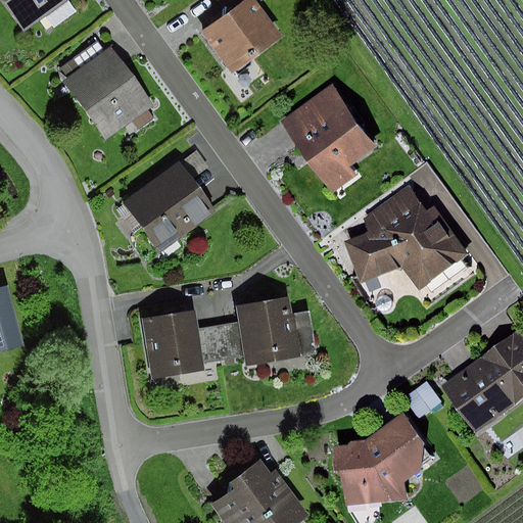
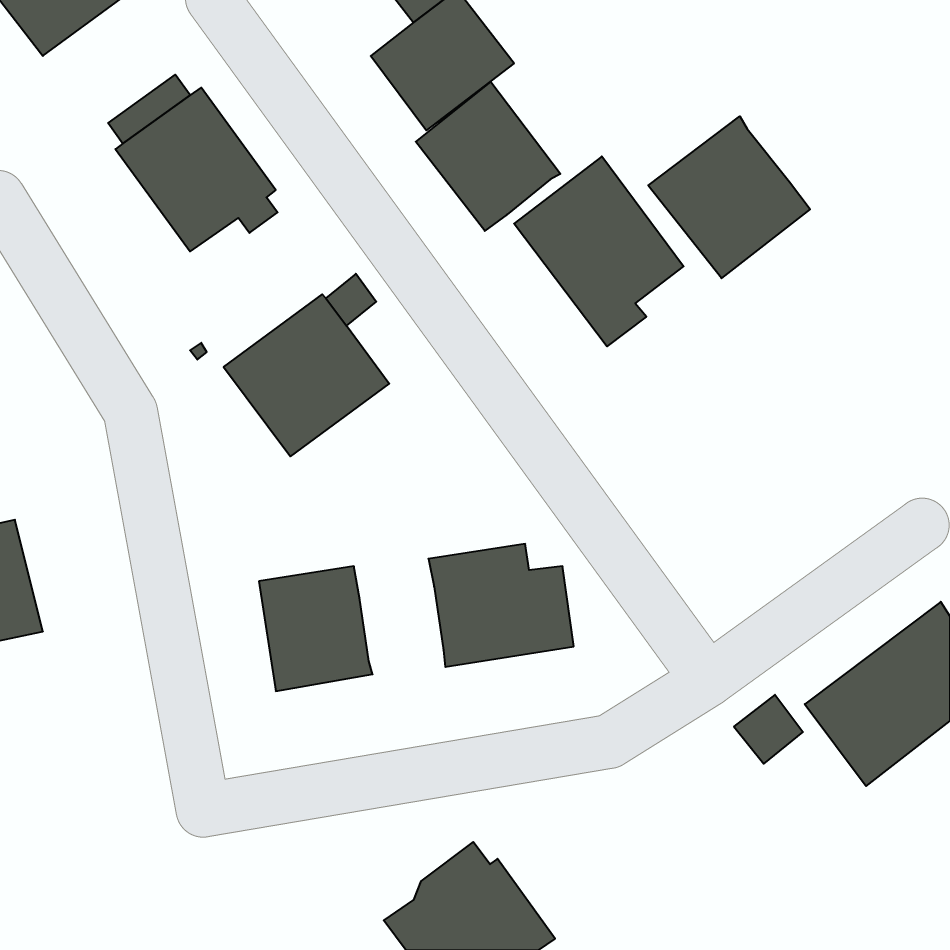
building: none -> [416,82,560,231]
building: none -> [648,116,810,278]
building: [343,185,468,288] -> none
building: [197,322,243,363] -> none
building: [332,412,423,506] -> none

